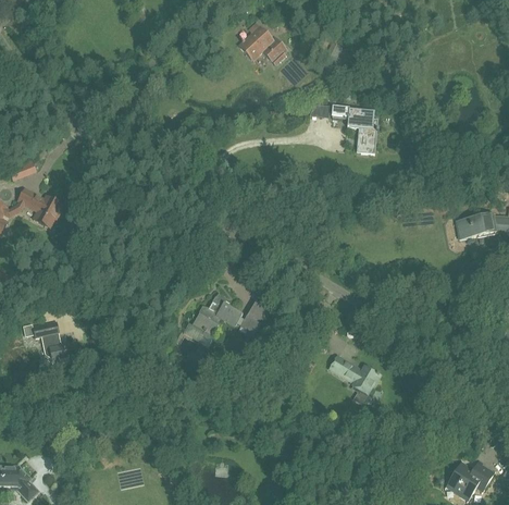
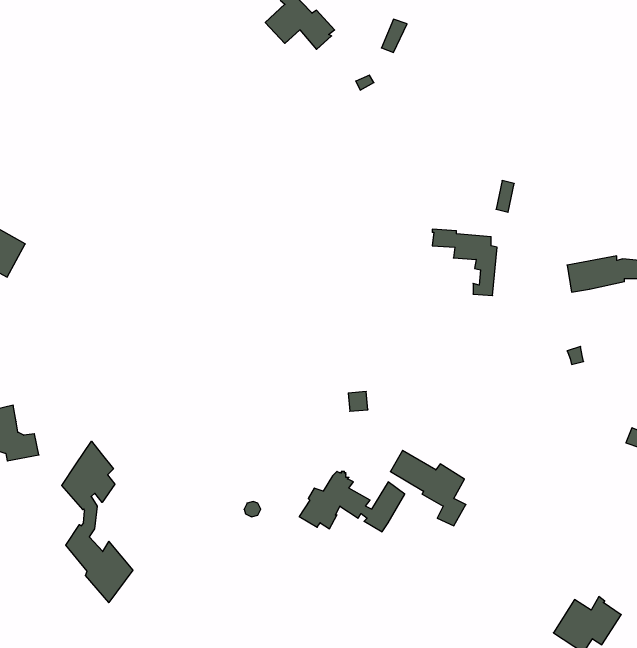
building: [331,106,377,153] -> [432,229,497,296]
building: [190,293,266,336] -> [299,471,405,532]
building: none -> [62,441,133,603]

